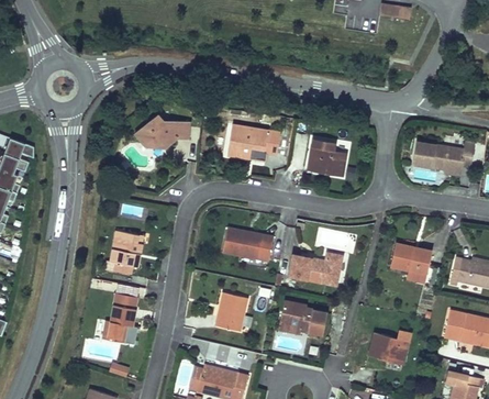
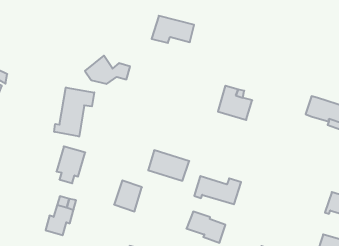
building: [226,123,278,156] -> [152,16,194,43]
building: none -> [54,87,94,137]
building: [388,244,427,277] -> none
building: [213,291,246,329] -> [114,180,142,211]

